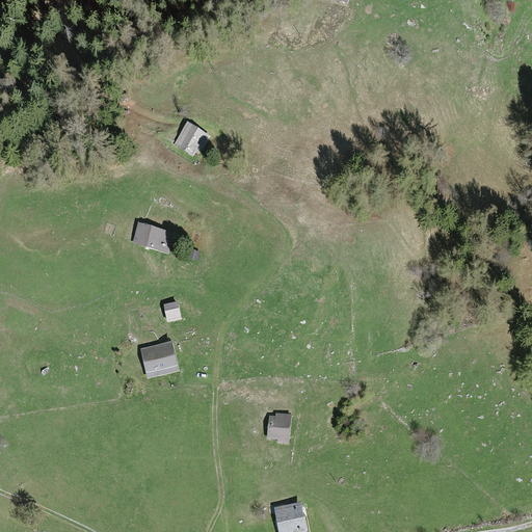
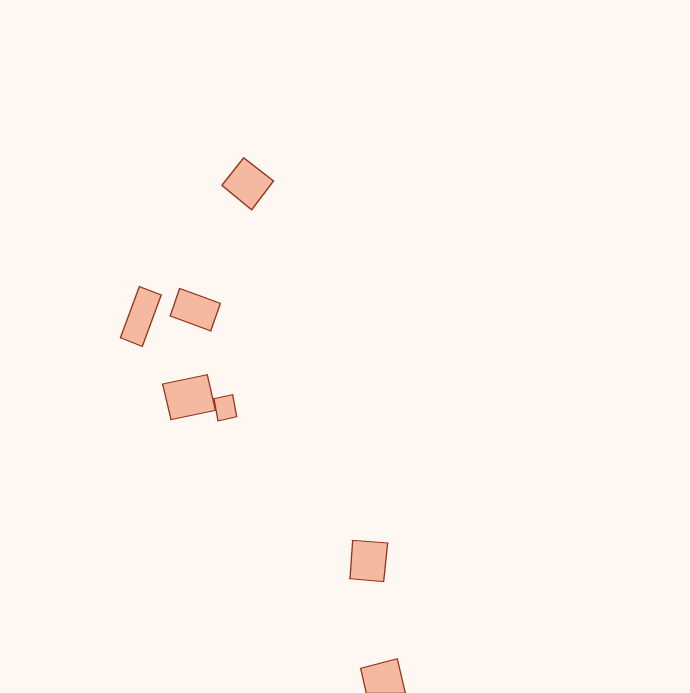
building: none -> [121,286,161,346]
building: [139,341,180,375] -> [163,375,216,420]

